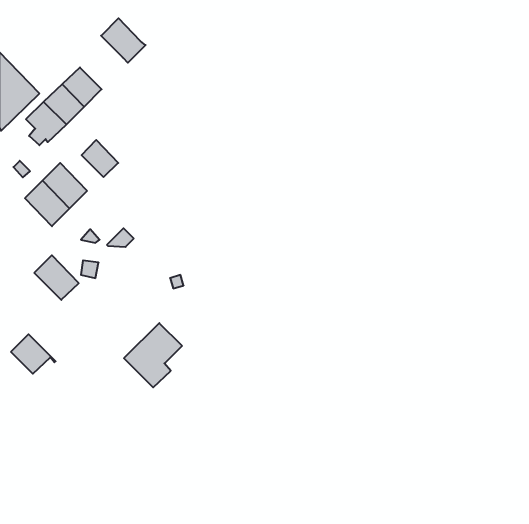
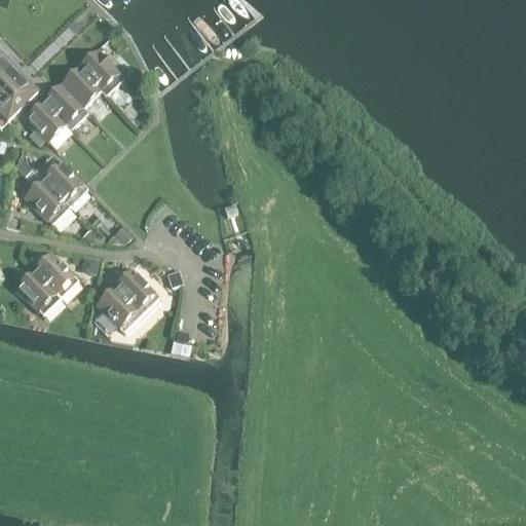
building: [101,18,146,63] -> [79,49,123,93]
building: [82,140,118,177] -> none
building: [124,323,182,387] -> [97,269,154,333]
building: [11,334,56,374] -> [16,270,61,309]

